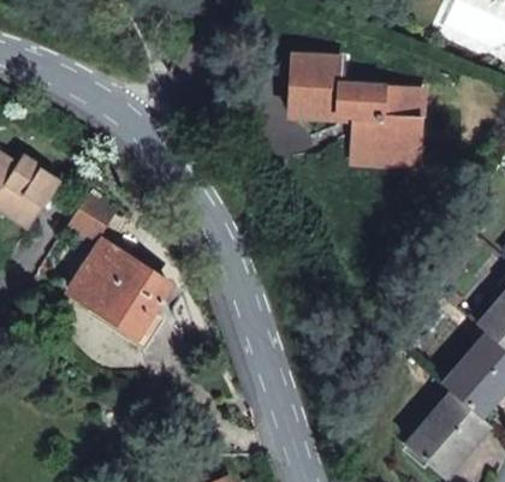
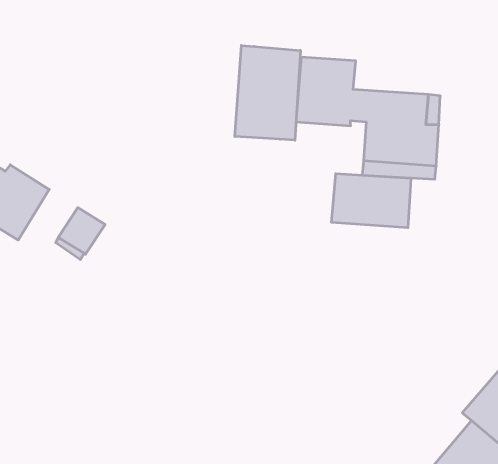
building: none -> [235,45,300,140]
building: none -> [332,174,411,228]
building: [71,242,170,334] -> none

